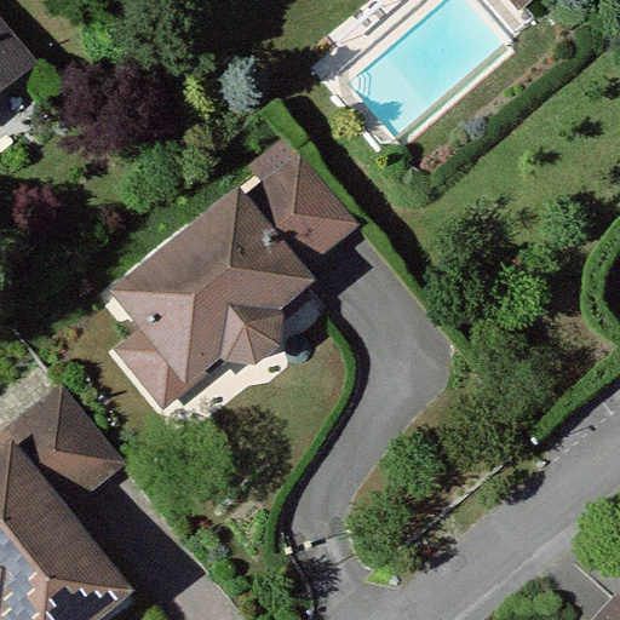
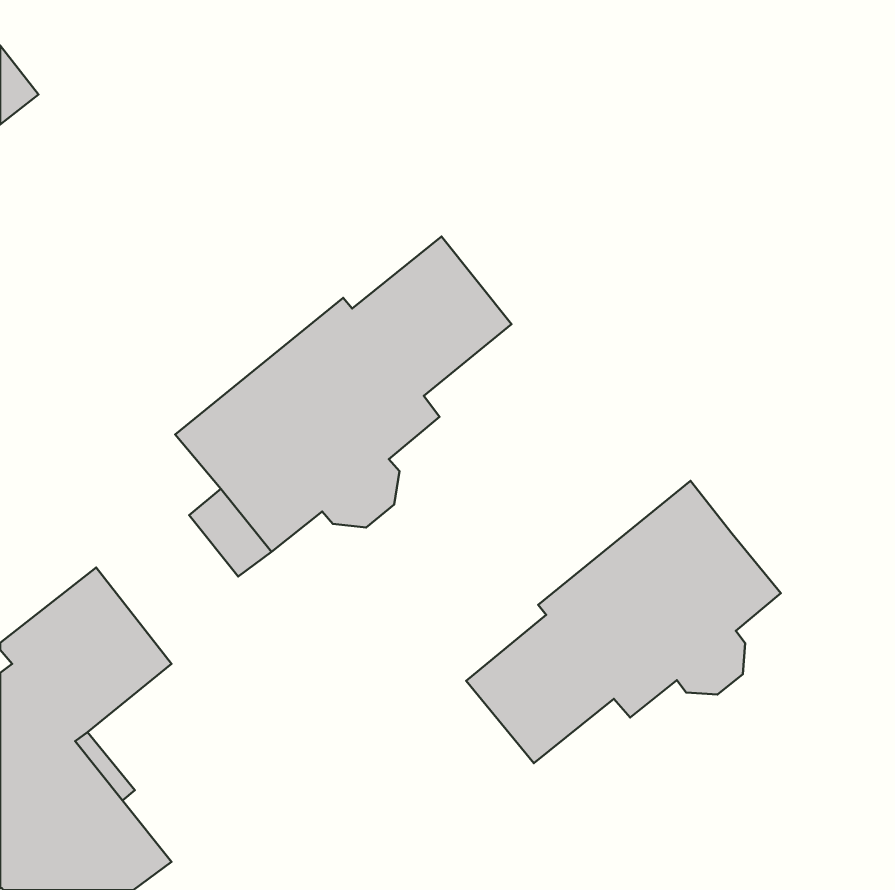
building: none -> [466,481,781,763]

